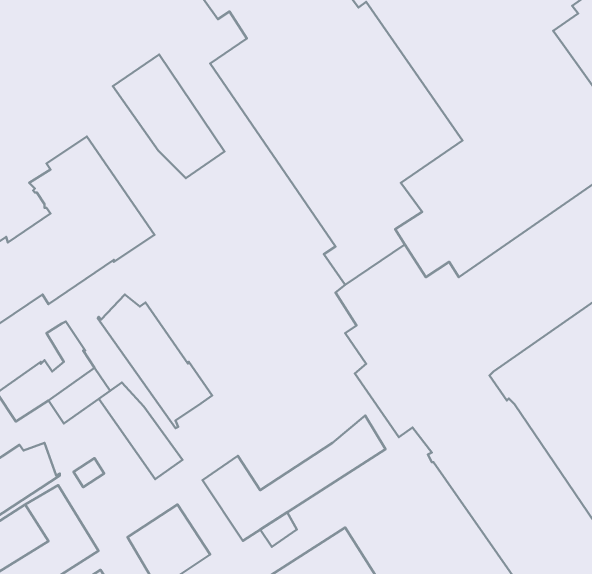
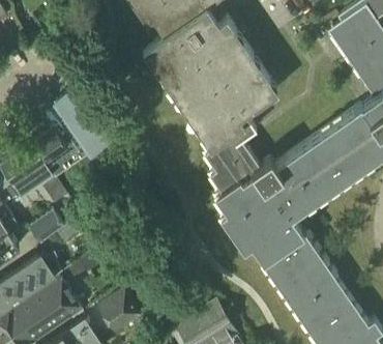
building: [113,55,225,178] -> none
building: [98,294,212,428] -> none
building: [99,382,182,479] -> none
building: [202,415,386,541] -> none

